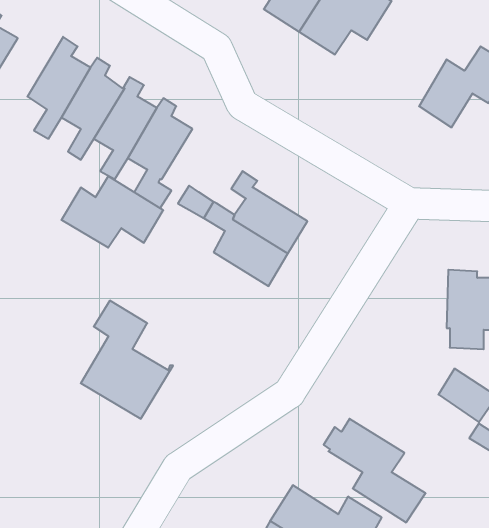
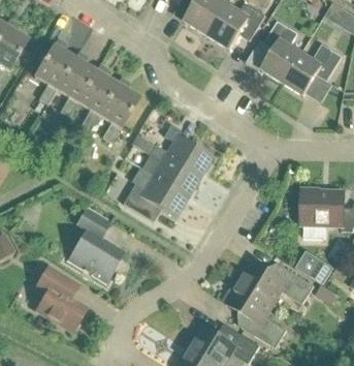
building: none -> [261,20,300,82]
building: [61,176,163,248] -> [122,175,187,220]
building: none -> [238,260,314,303]
building: none -> [34,265,86,331]

